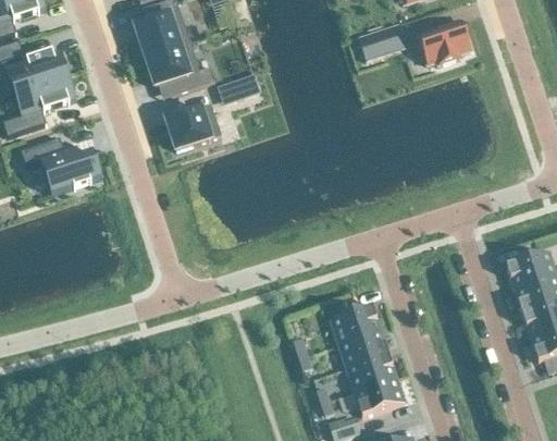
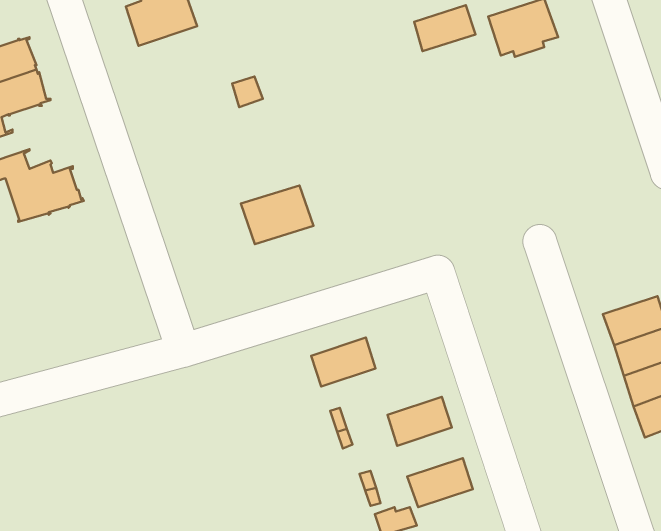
building: [145,40,215,95] -> none
building: [165,103,222,149] -> [241,185,314,244]
building: [331,305,381,343] -> [311,338,376,387]
building: [346,353,397,391] -> none

